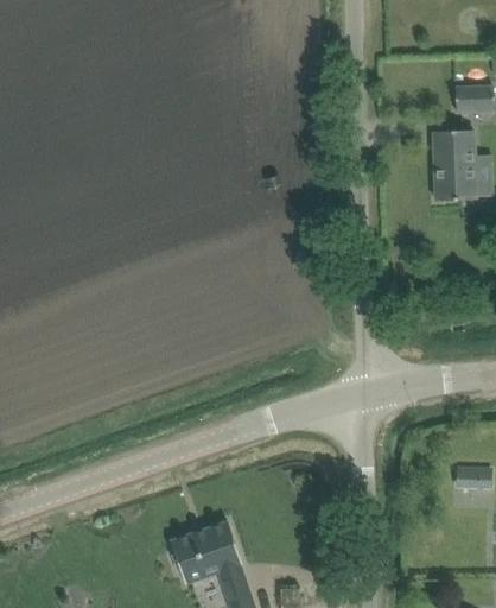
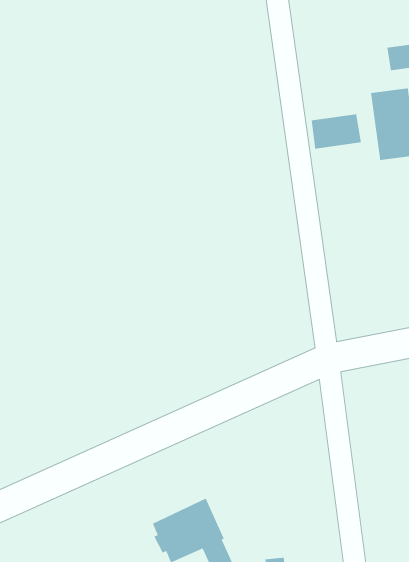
building: none -> [311,114,361,149]

